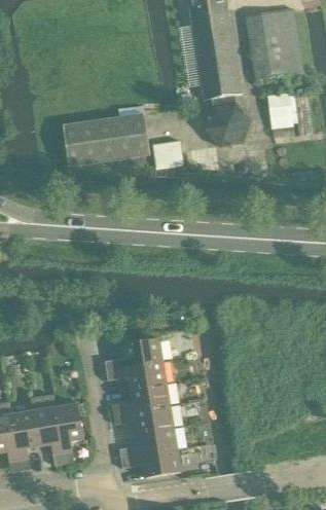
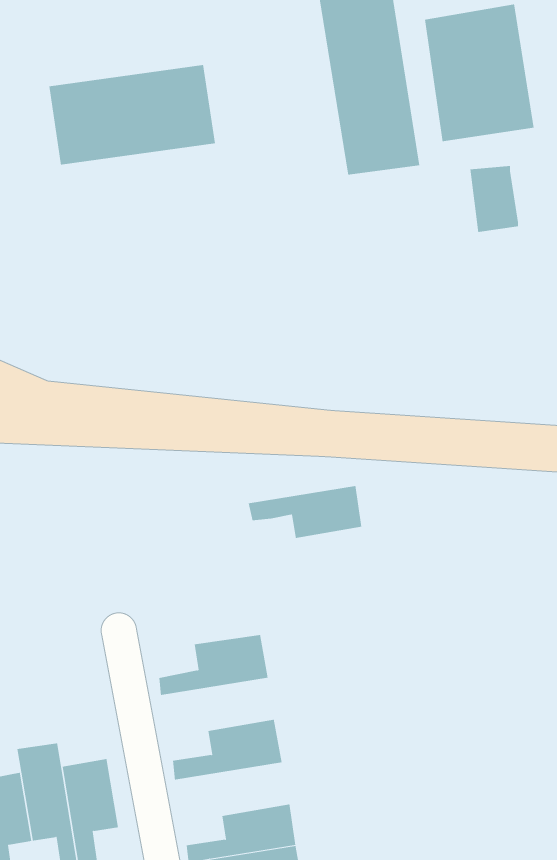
building: [206,102,252,148] -> none
building: [63,114,150,167] -> [48,65,216,165]
building: [153,141,183,168] -> none
building: [106,362,166,390] -> [248,485,362,539]
building: [113,406,174,434] -> none

